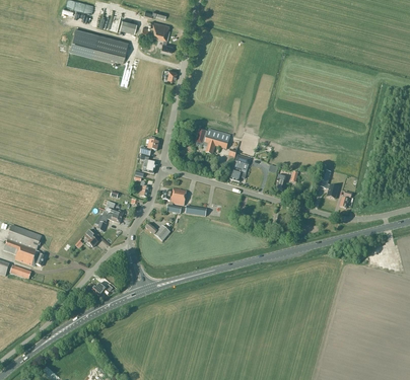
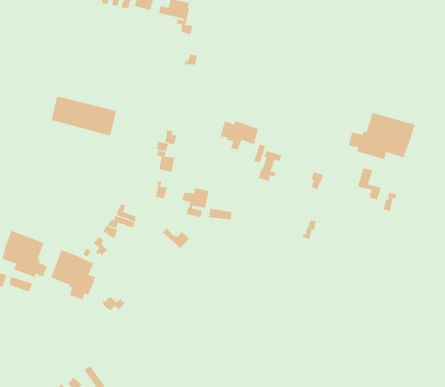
building: [70,28,128,64] -> [51,96,117,136]
building: none -> [348,112,415,160]
building: none -> [50,249,96,300]

